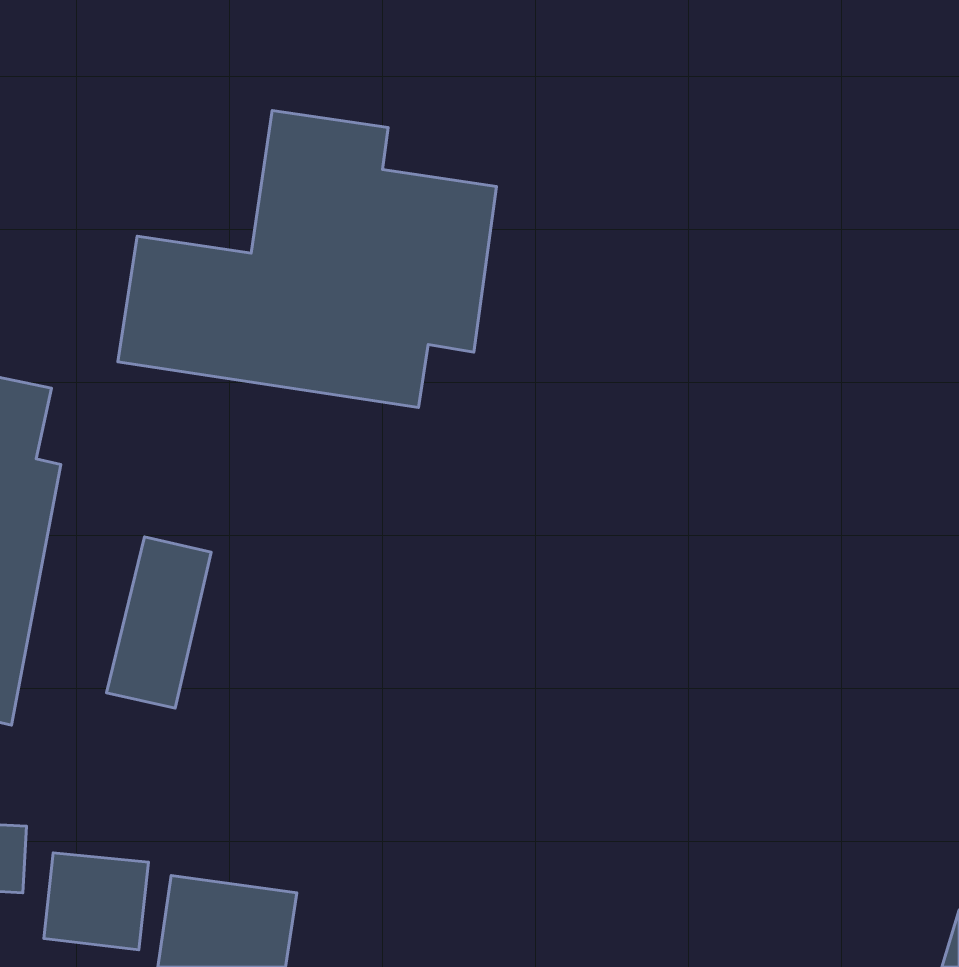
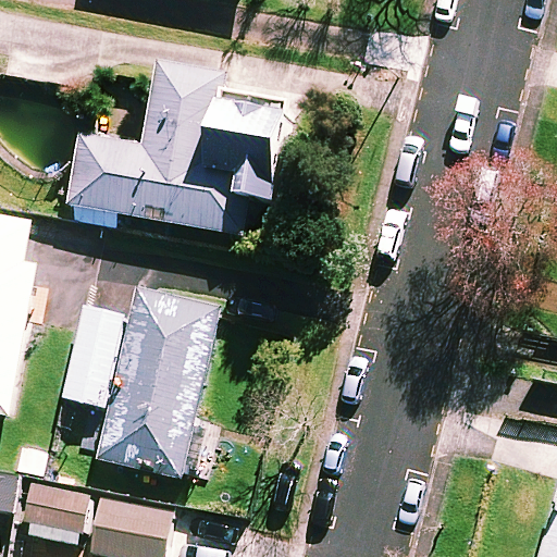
building: none -> [98,292,221,478]

